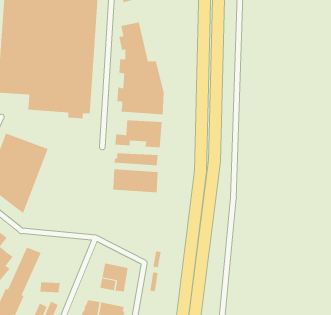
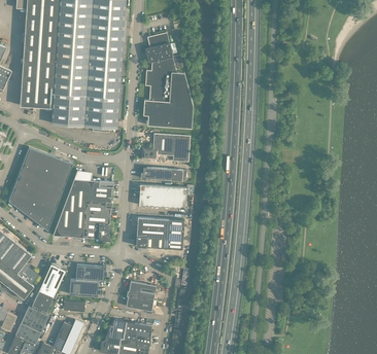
building: none -> [53,169,113,241]
building: none -> [135,217,184,249]
building: none -> [69,264,105,296]

